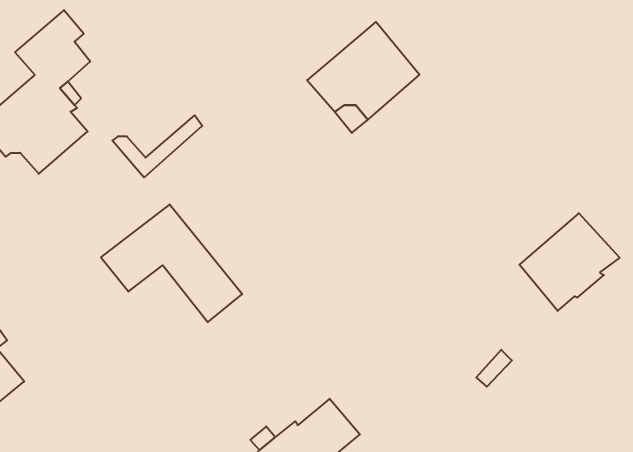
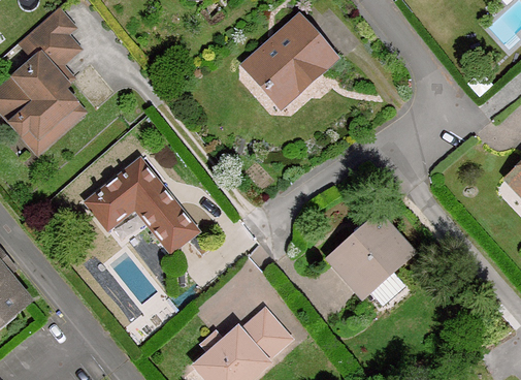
building: [112,115,202,177] -> [12,103,83,152]
building: [519,213,620,311] -> [334,218,413,294]

